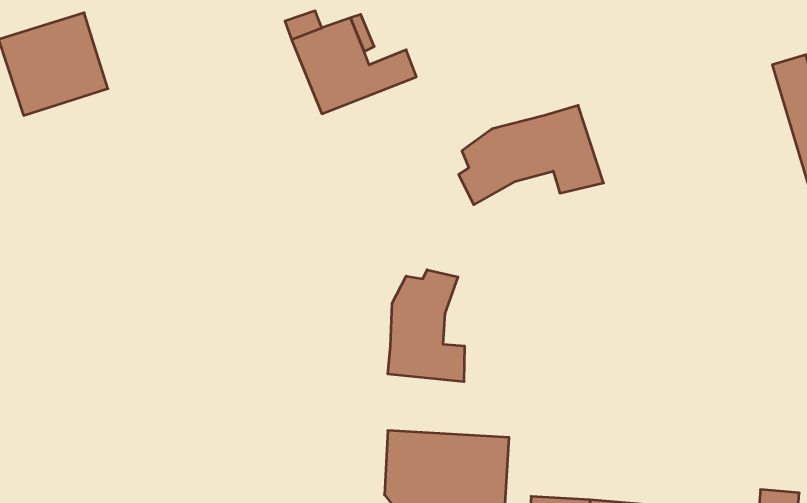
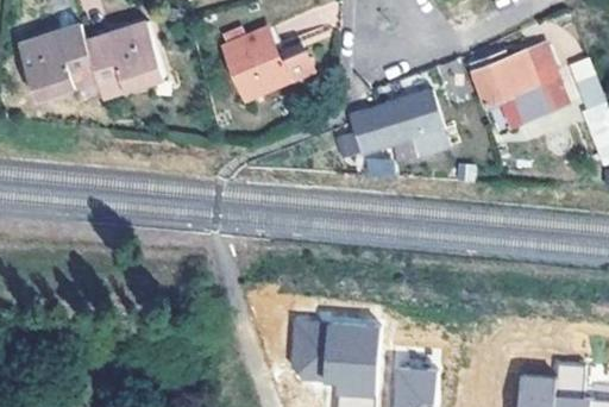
building: none -> [84,21,165,94]
building: none -> [466,44,564,130]
building: [388,270,464,382] -> none

